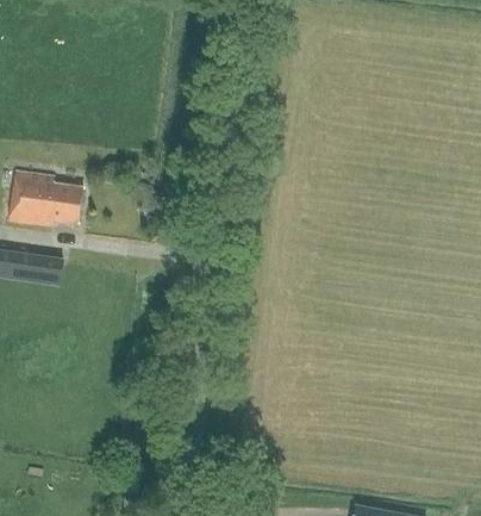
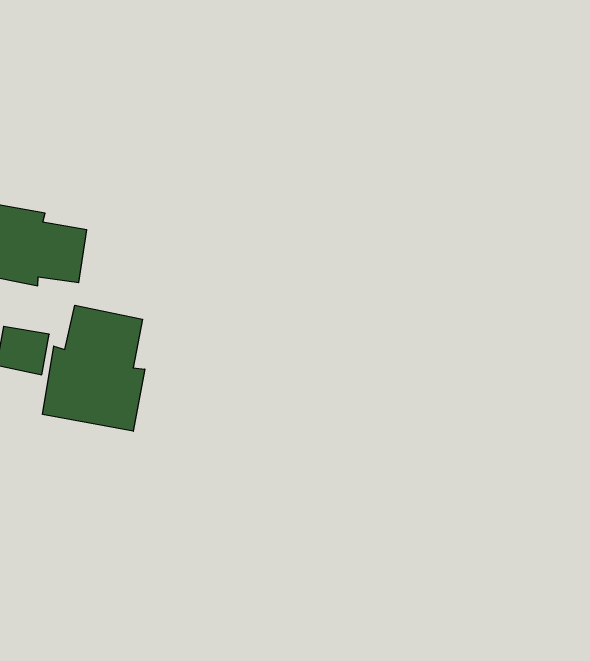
building: none -> [43,305,145,431]

